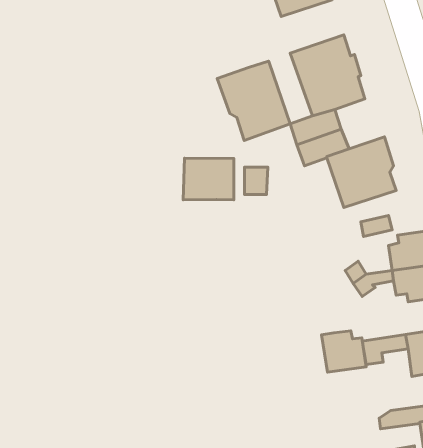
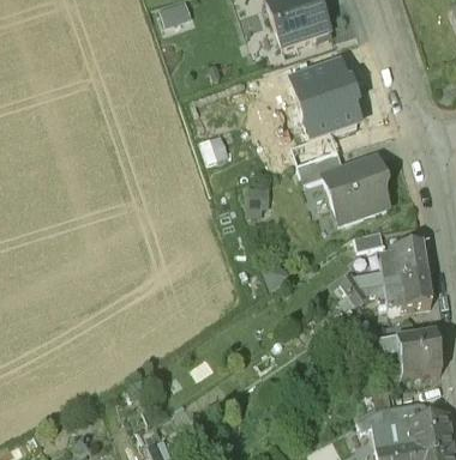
building: [217,61,290,140] -> none
building: [183,158,234,200] -> none
building: [322,331,366,372] -> none

